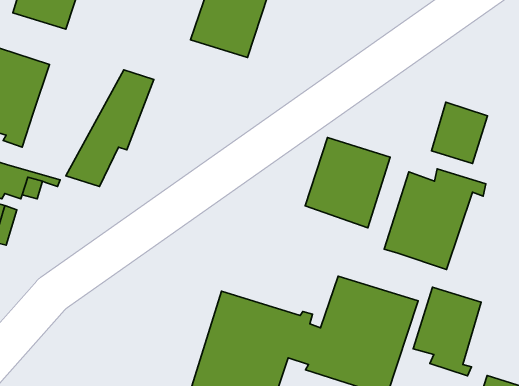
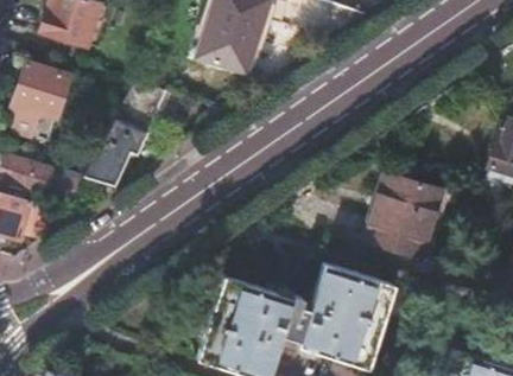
building: [431,102,487,164] -> none
building: [305,138,390,228] -> none
building: [413,287,481,376] -> none

